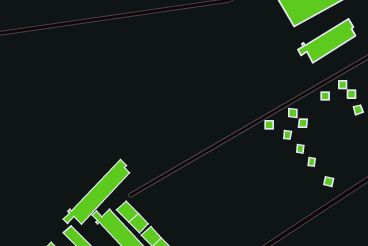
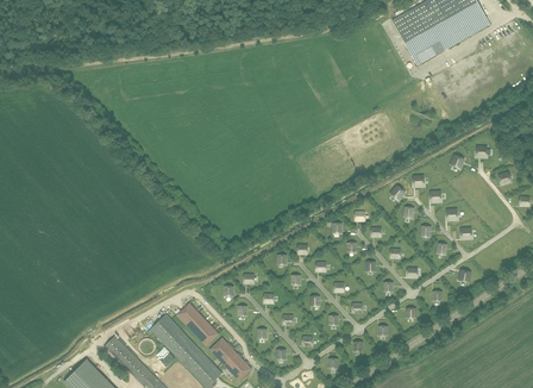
building: [298,19,356,63] -> none
building: [63,160,130,224] -> none

